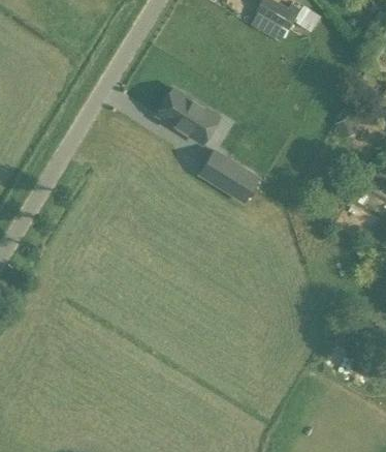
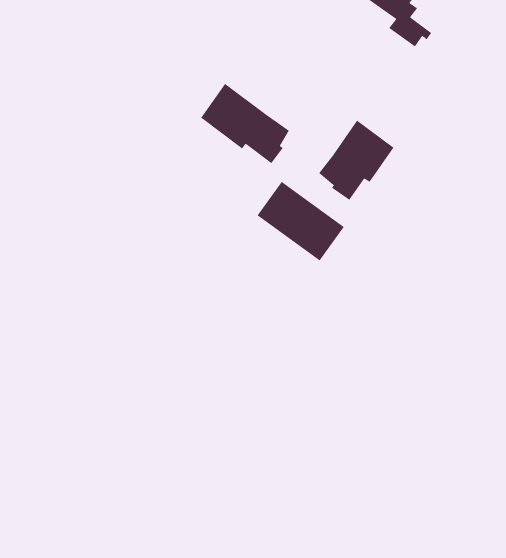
building: none -> [318,120,395,201]

